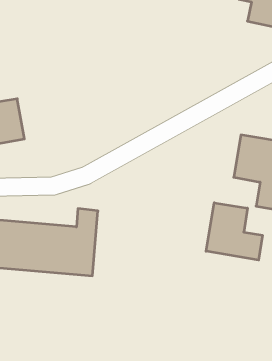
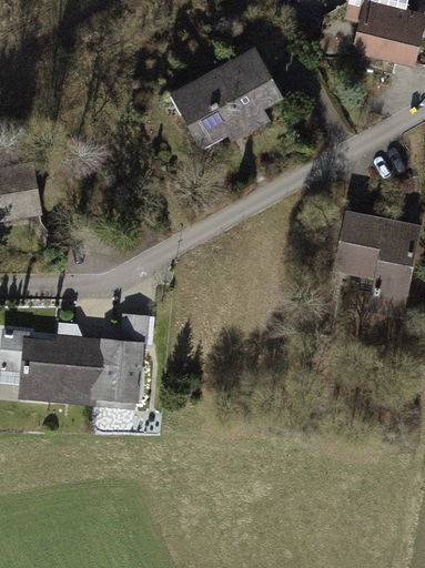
building: none -> [170,47,285,148]
building: [206,203,262,260] -> none

